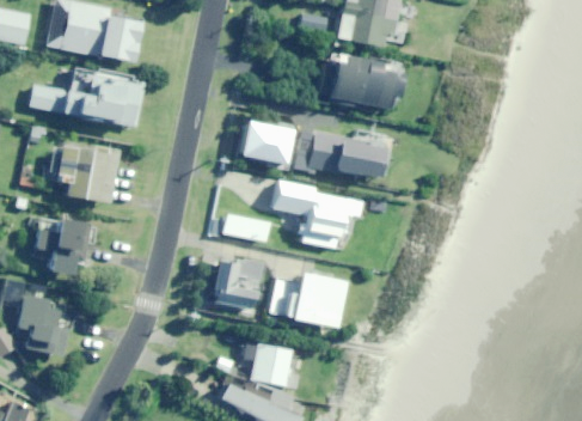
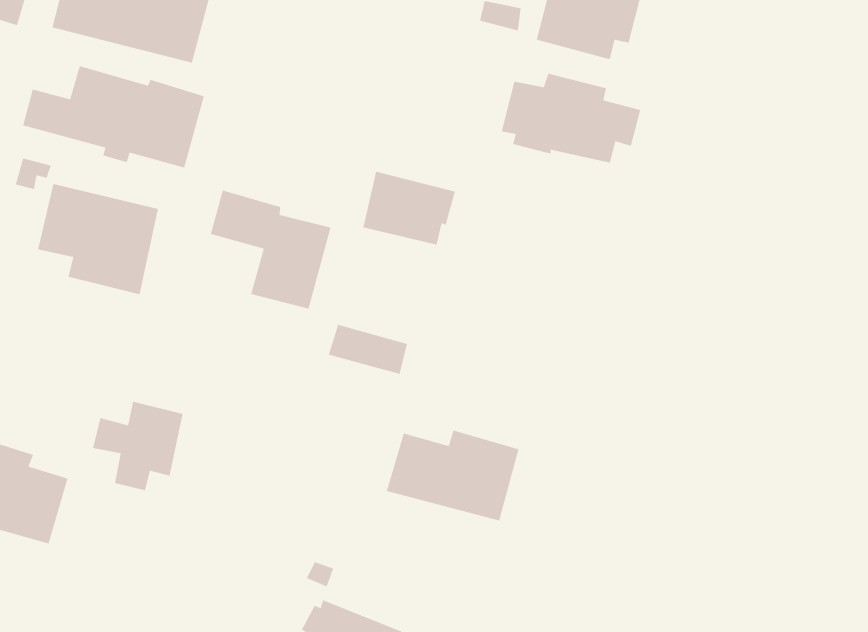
building: [295,135,385,178] -> none
building: [274,179,347,249] -> [210,189,332,309]
building: [38,220,92,274] -> [92,401,184,491]
building: [212,260,258,311] -> none
building: [249,343,290,385] -> none

